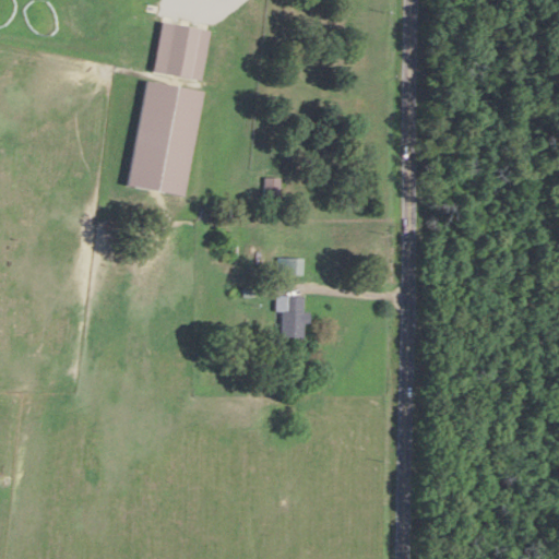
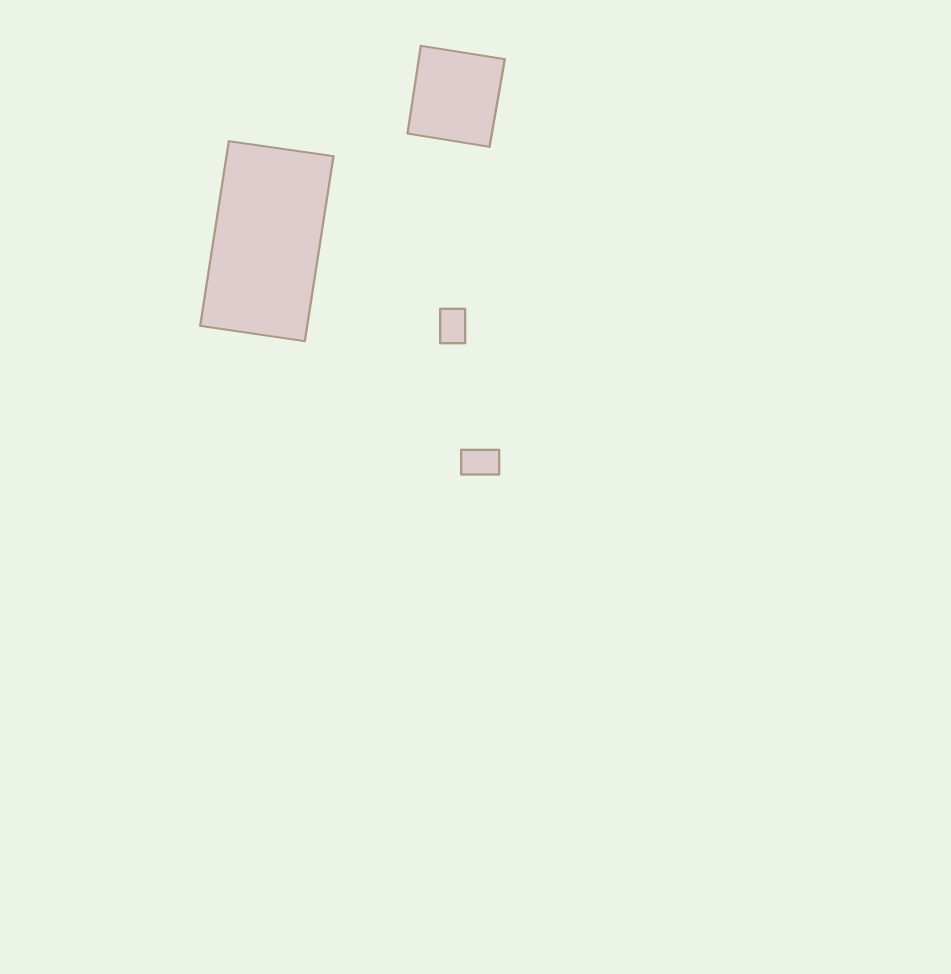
building: [154,22,210,80] -> [408,46,505,147]
building: [275,295,305,336] -> none

